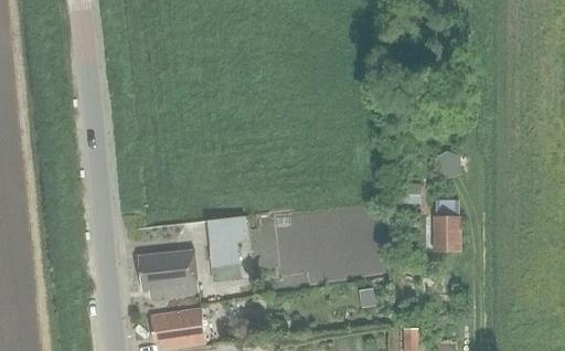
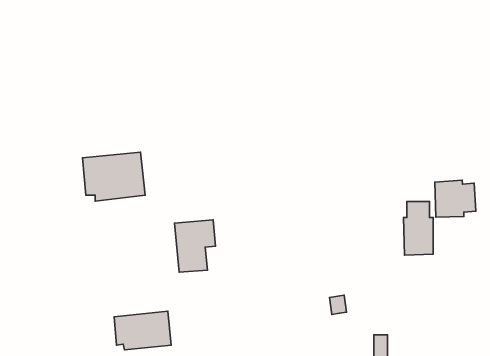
building: none -> [435,180,476,217]
building: [138,246,199,294] -> [83,152,145,201]

